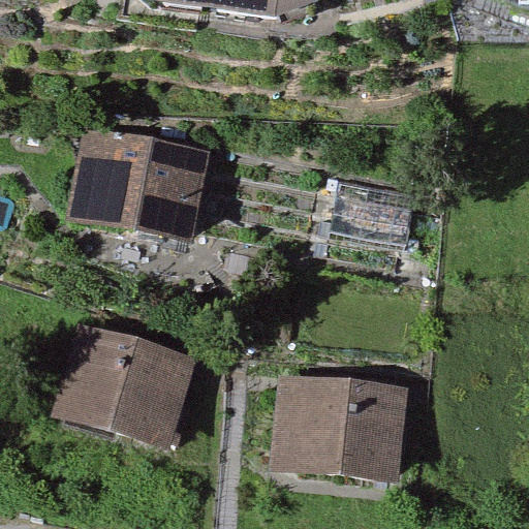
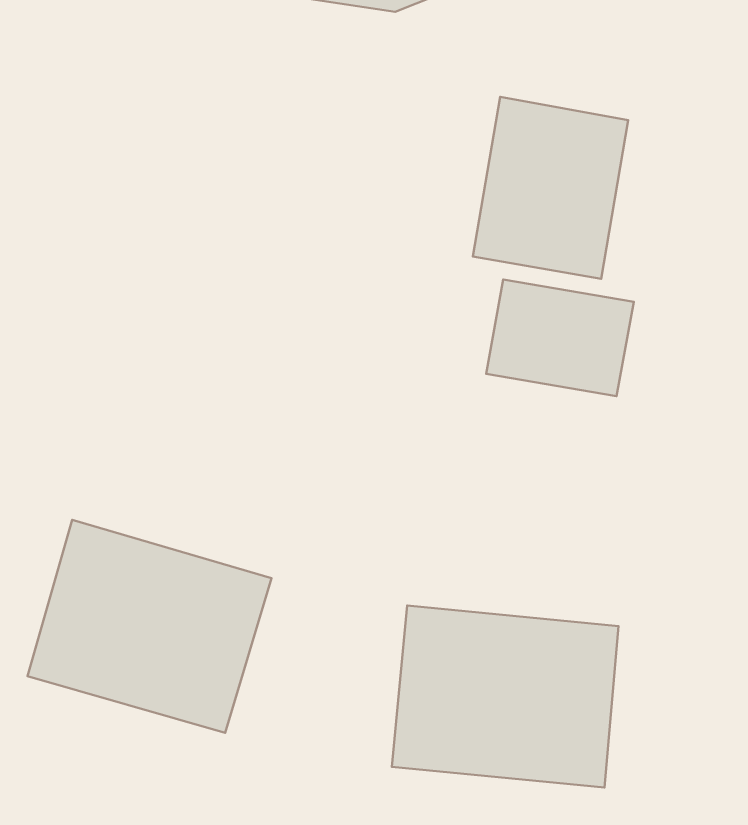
building: none -> [473,97,628,279]
building: [66,123,209,244] -> none

